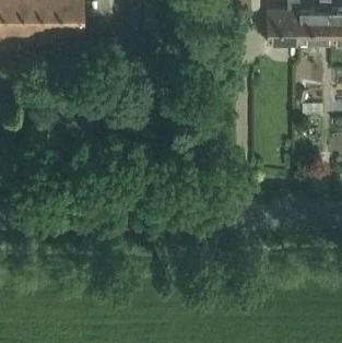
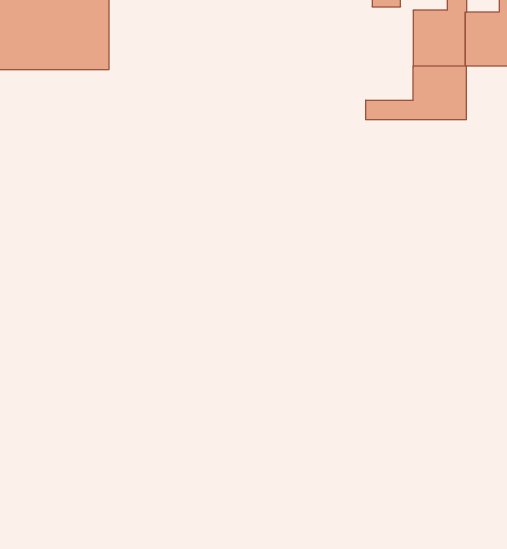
building: none -> [366,66,466,120]

